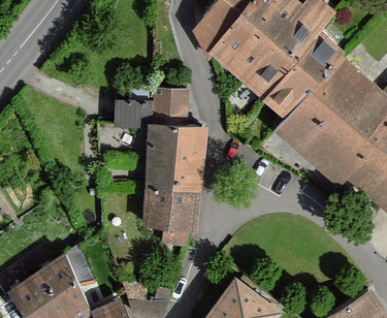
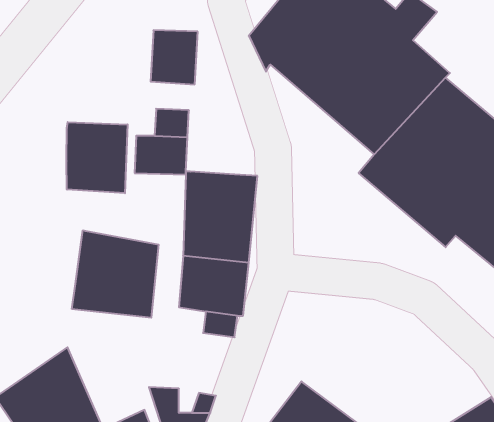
building: [154,91,188,130] -> [151,30,198,84]
building: none -> [67,122,128,193]
building: none -> [72,230,159,318]

